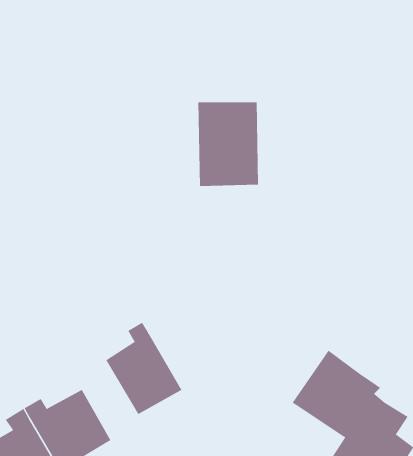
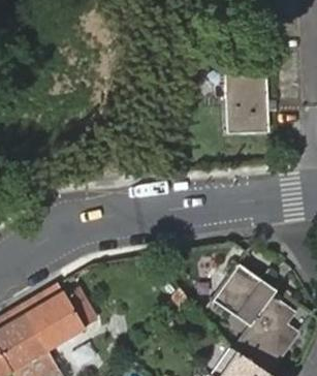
building: [198,102,259,186] -> [225,73,268,133]
building: [105,322,182,415] -> none

